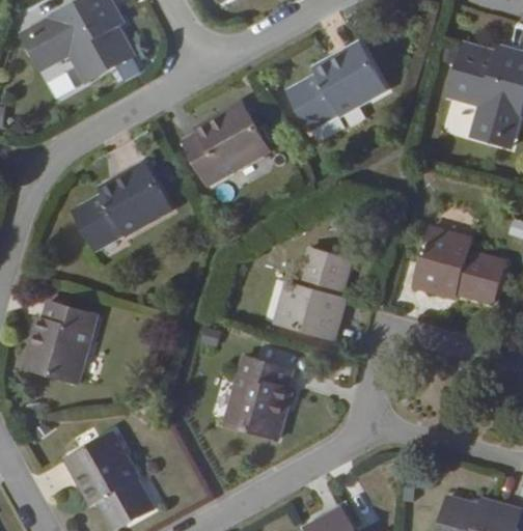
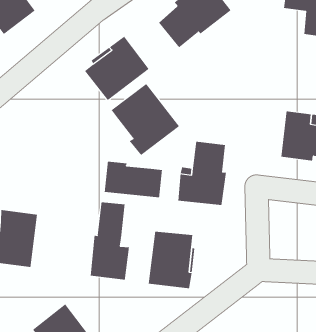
building: [76,162,171,248] -> none
building: none -> [111,83,180,156]
building: none -> [104,161,163,198]
building: none -> [90,202,129,280]

